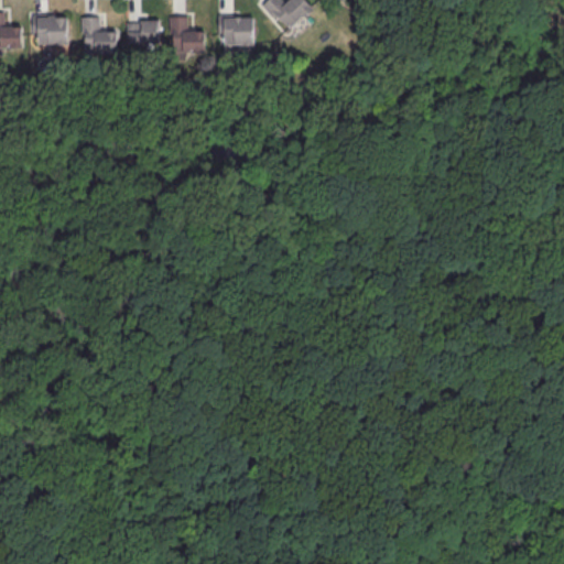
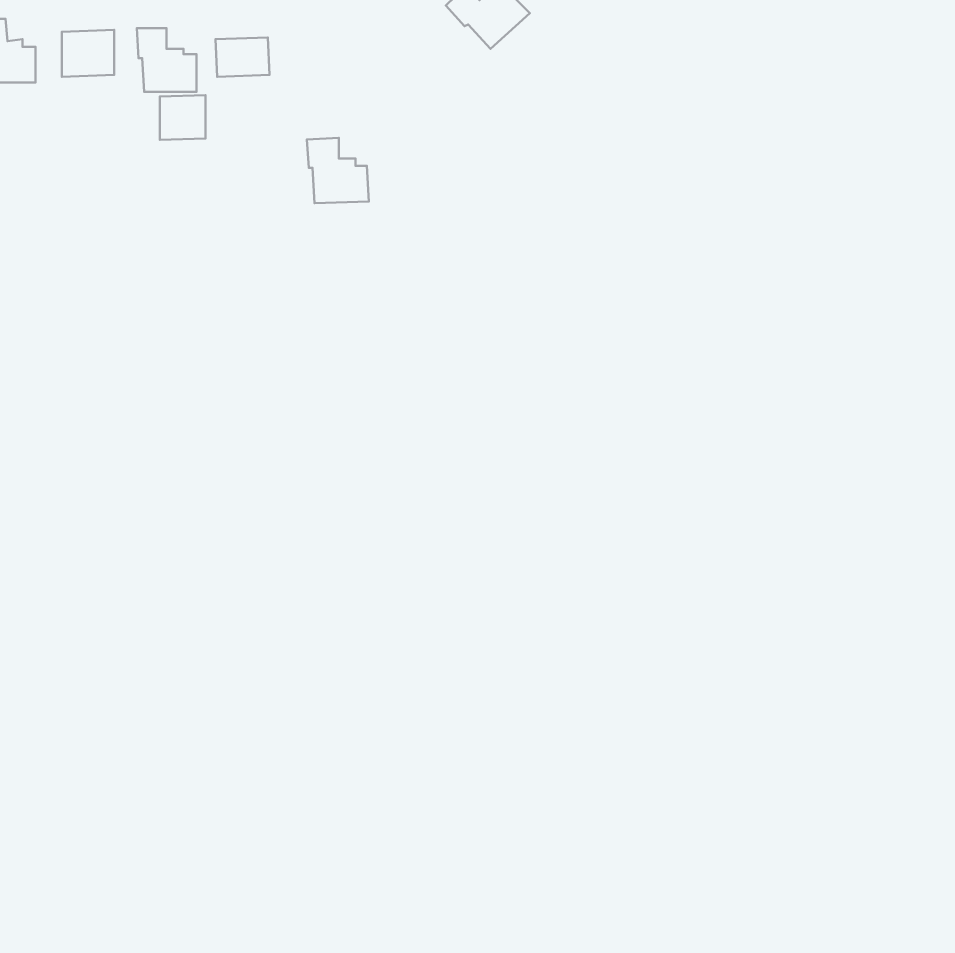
building: [169,15,205,54] -> [307,138,369,203]
building: [223,18,253,45] -> none
building: none -> [160,95,206,140]

